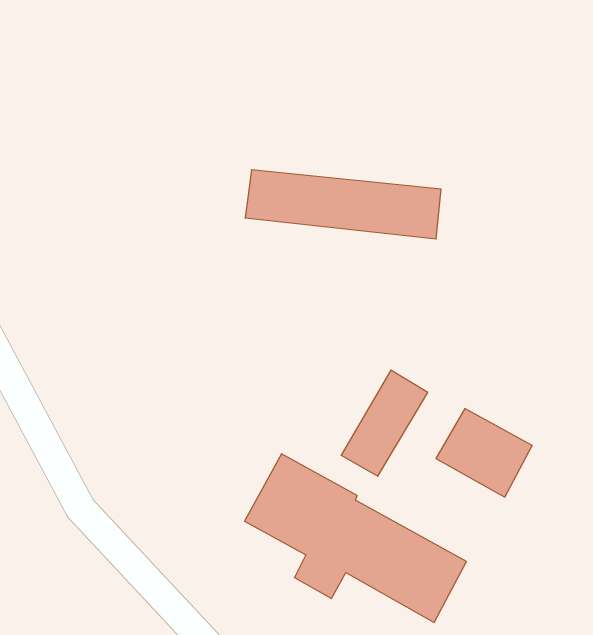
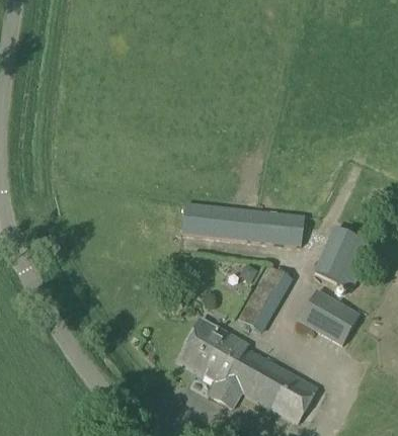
building: [245,170,441,239] -> [180,202,304,246]
building: none -> [313,227,373,288]

